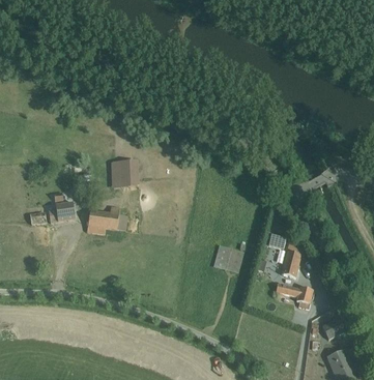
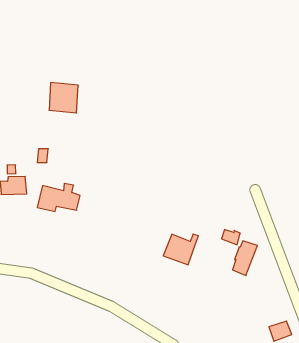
building: [110,160,138,187] -> [49,83,78,113]
building: [276,282,312,308] -> none

